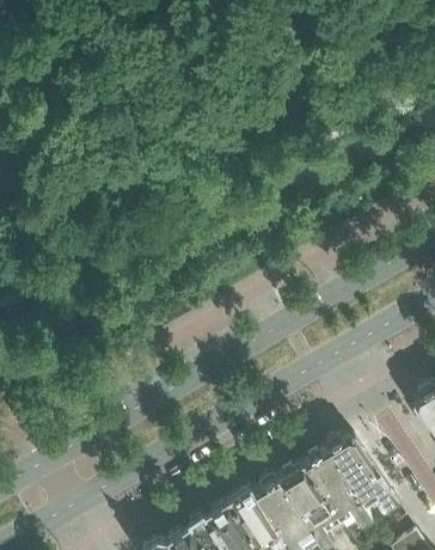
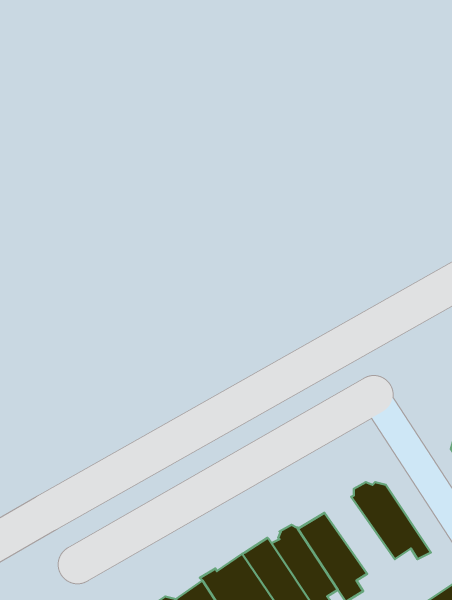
building: [302,453,372,526] -> none

